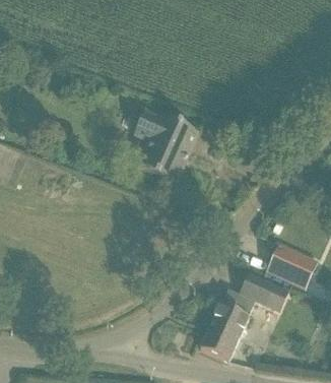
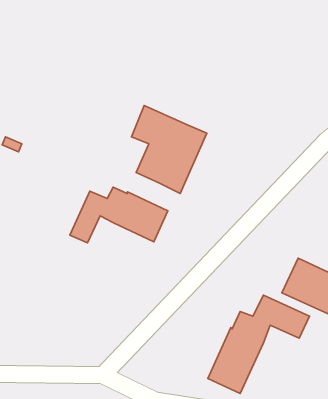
building: none -> [70,187,168,243]

